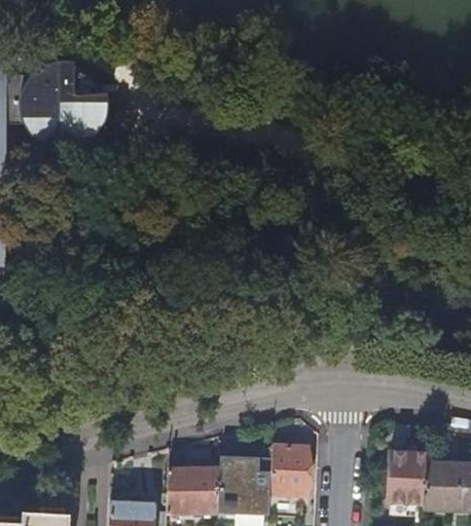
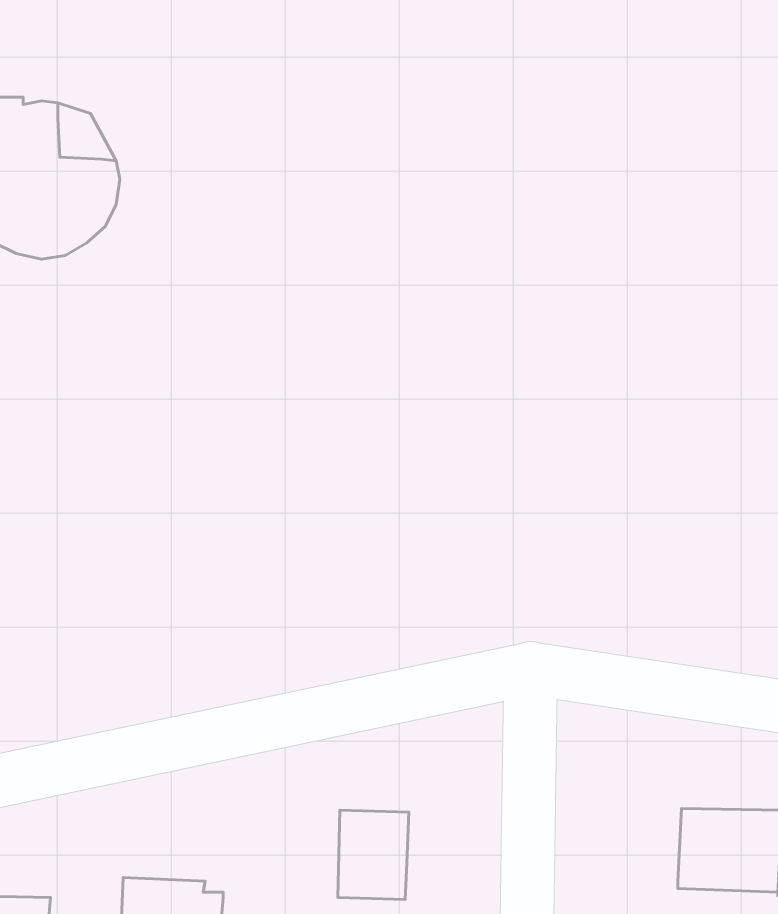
building: [260,445,298,494] -> none
building: [378,452,416,503] -> none
building: [156,468,209,513] -> none

